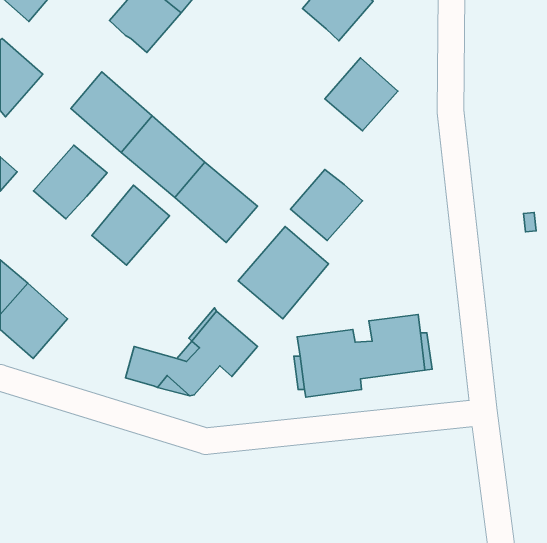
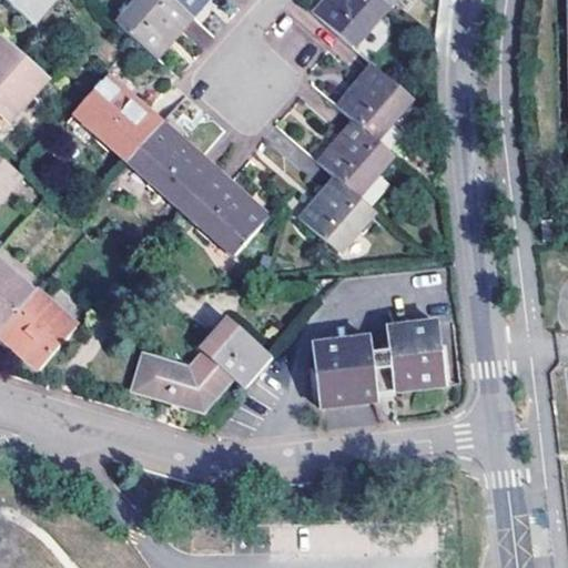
building: none -> [317,116,393,191]
building: [34,145,107,219] -> none
building: [92,185,169,265] -> none
building: [238,227,328,319] -> none

